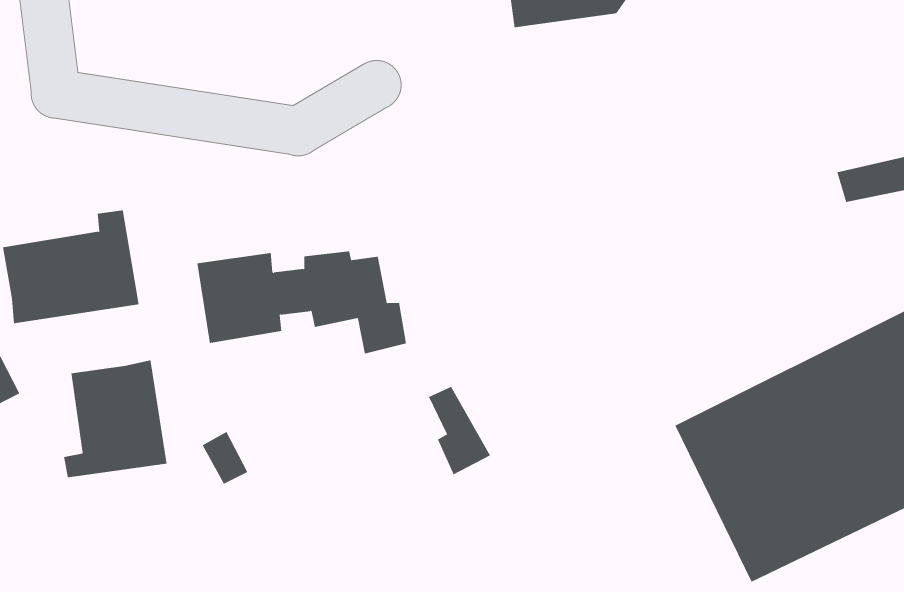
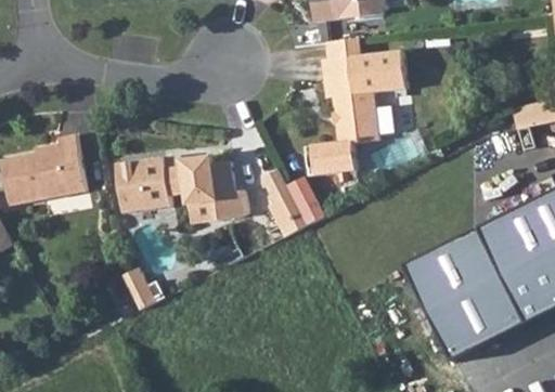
building: none -> [307,38,405,175]
building: [64,359,167,478] -> none
building: [428,386,491,475] -> [266,171,304,225]

